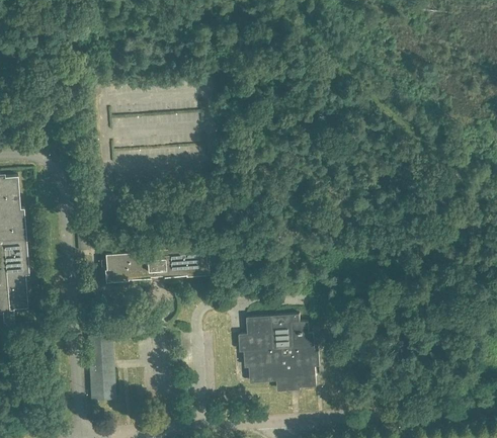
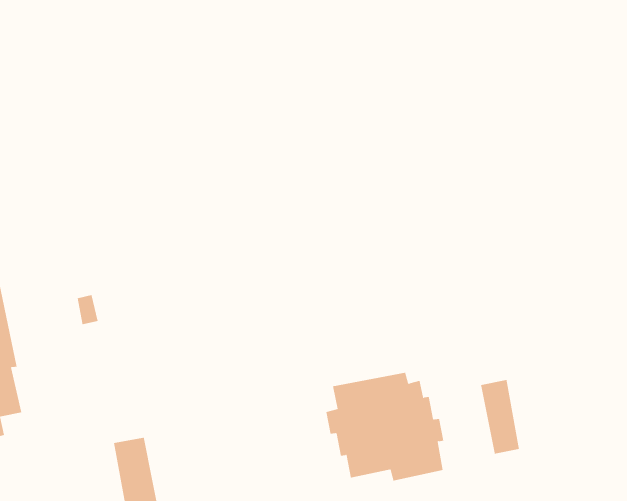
building: [103,247,209,282] -> none
building: none -> [481,379,519,455]

